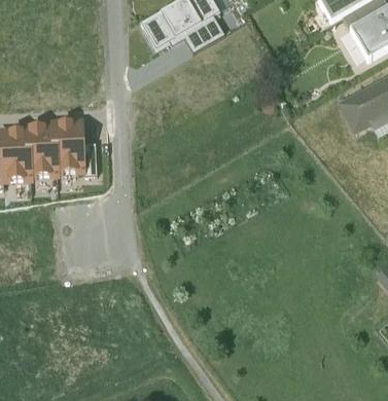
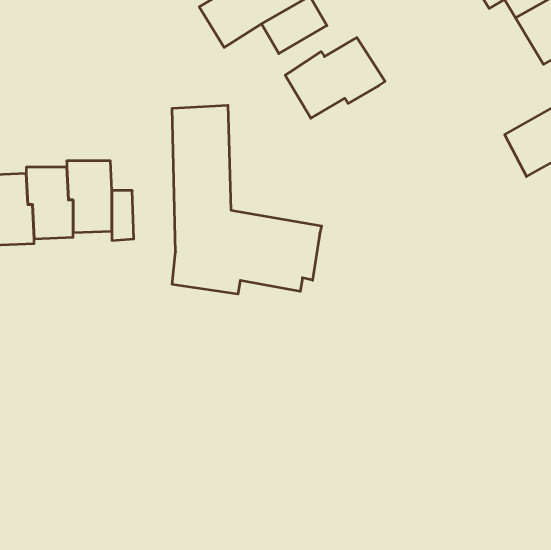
building: none -> [285,38,385,118]
building: none -> [172,105,322,294]

